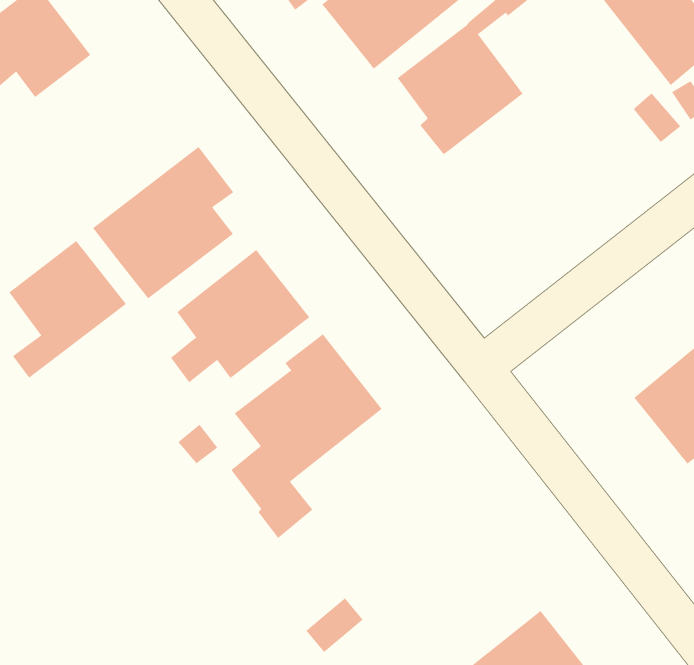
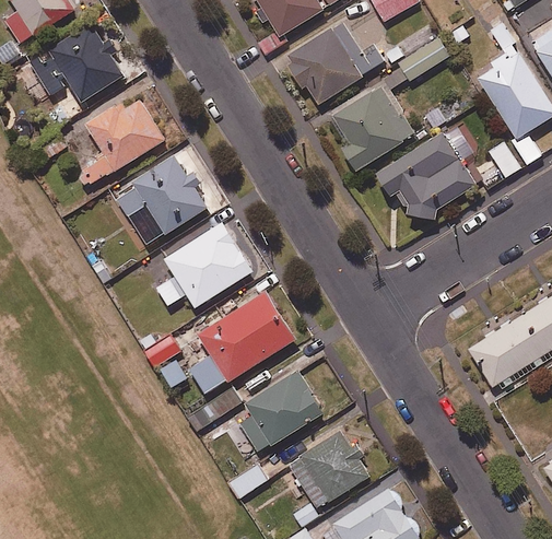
building: none -> [376,129,477,221]
building: [8,240,127,378] -> [83,92,165,183]
building: none -> [239,370,324,452]
building: none -> [289,430,369,508]

